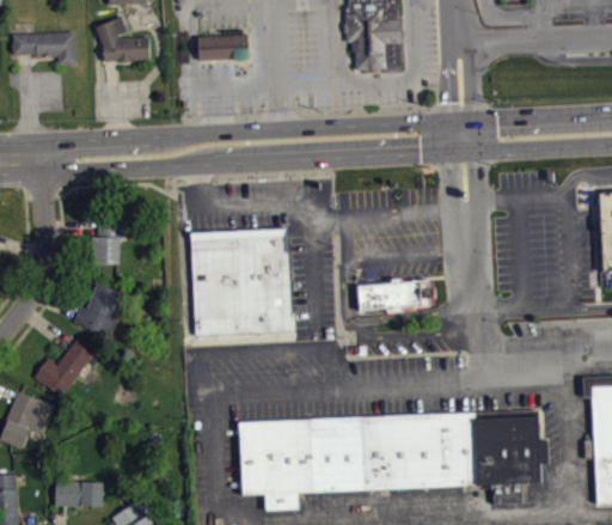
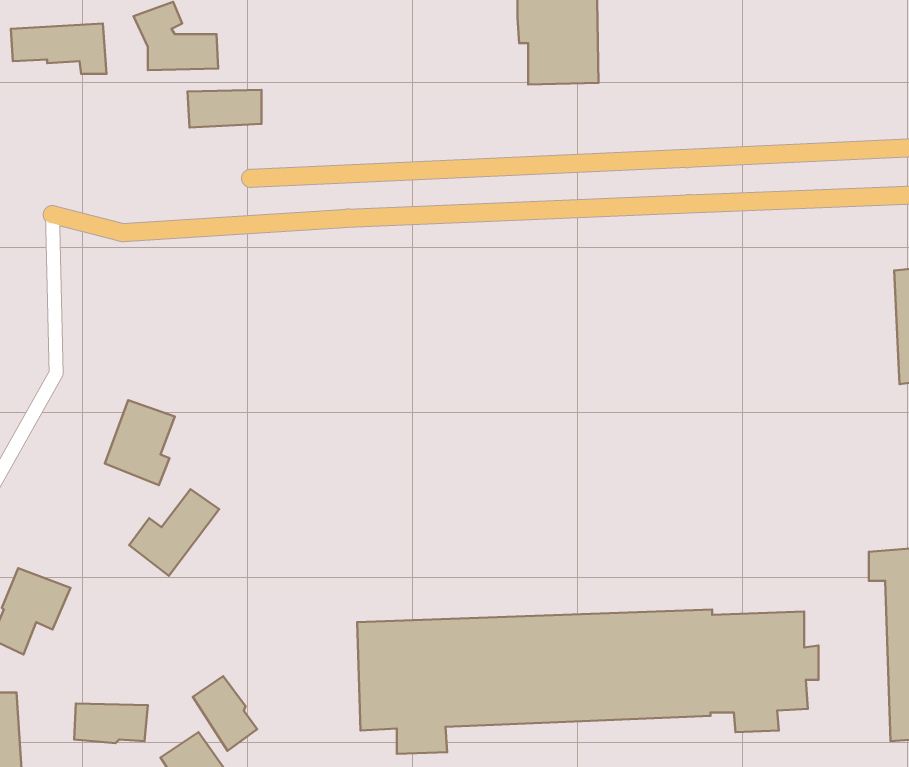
building: [198,33,247,59] -> [188,90,261,128]
building: [90,222,126,263] -> none
building: [190,227,289,336] -> none
building: [356,279,434,312] -> none
building: [35,337,94,395] -> [129,489,219,576]
building: none -> [193,676,257,751]

